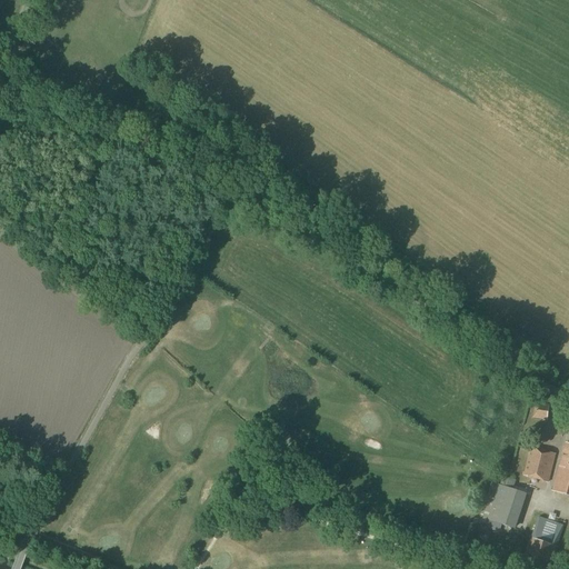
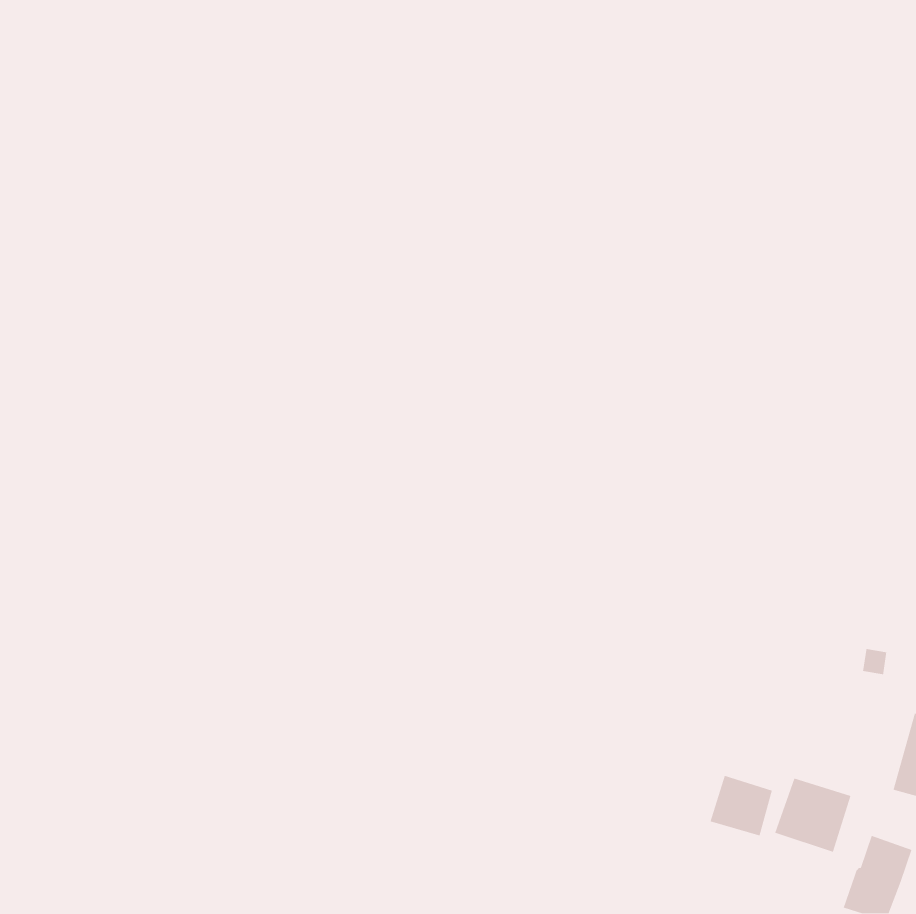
building: [523,446,557,481] -> none
building: none -> [709,775,773,837]

